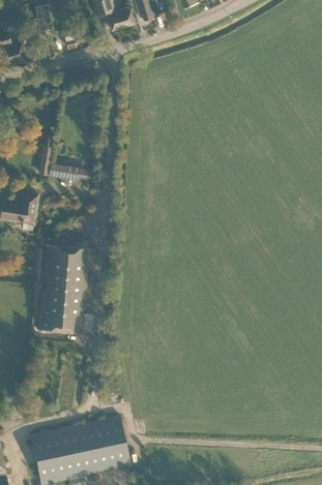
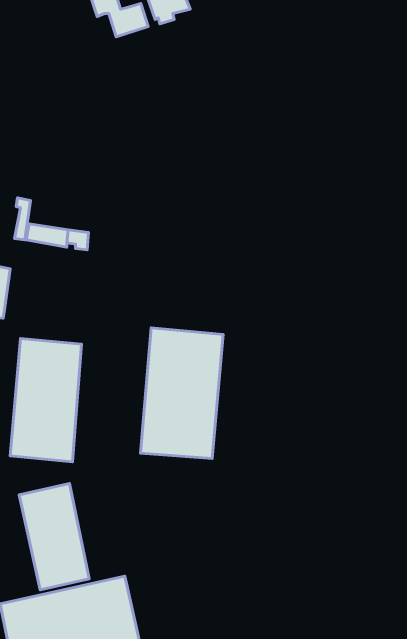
building: none -> [140,328,223,459]
building: none -> [19,484,89,590]

